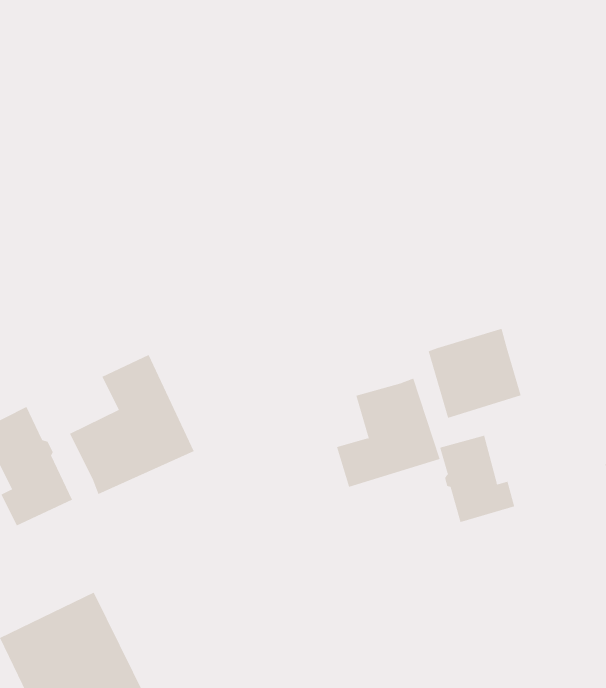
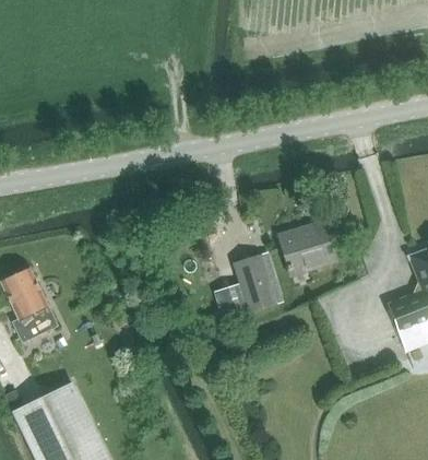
building: [69,354,194,495] -> none
building: [439,435,515,523] -> none

